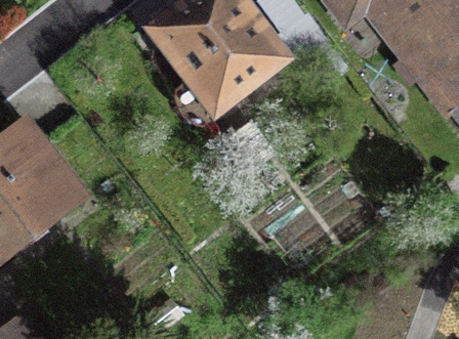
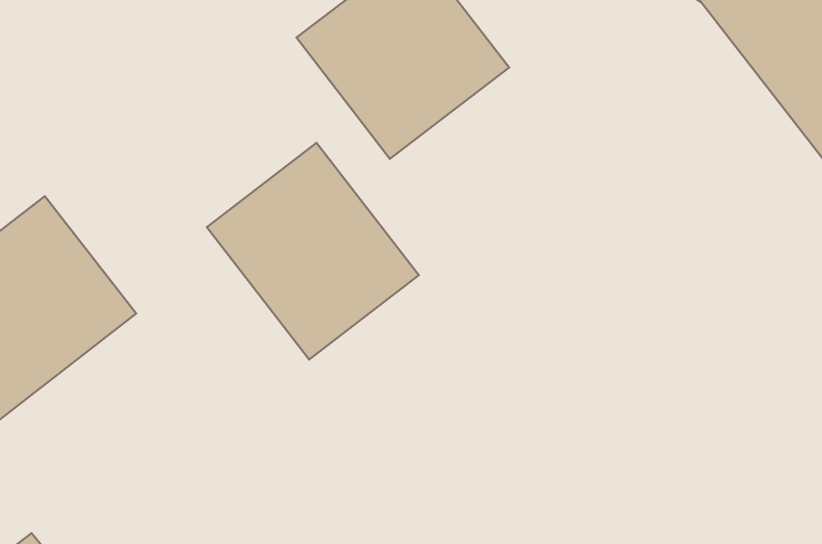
building: none -> [207,143,419,360]

